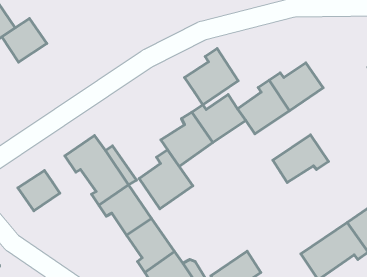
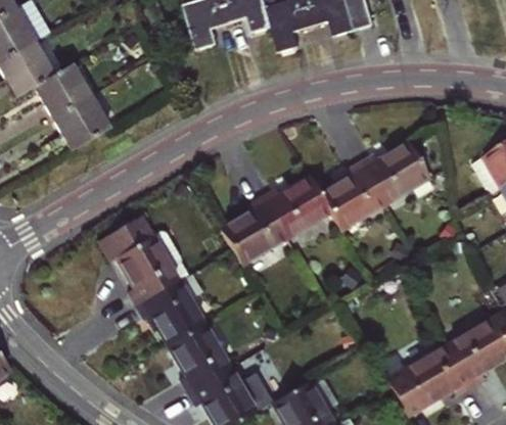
building: none -> [52,98,106,150]
building: [185,48,238,105] -> none
building: [273,135,328,183] -> none
building: [139,150,193,209] -> none
building: [18,170,60,211] -> none

